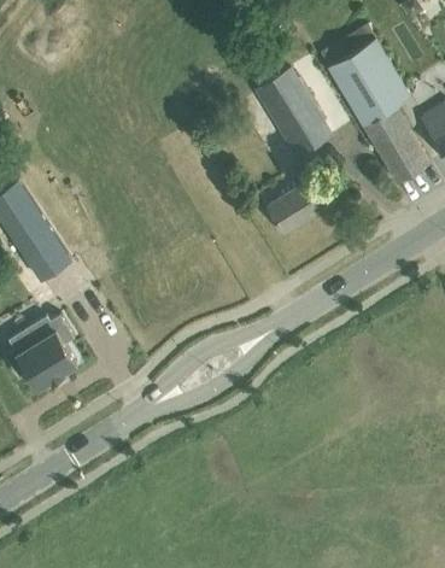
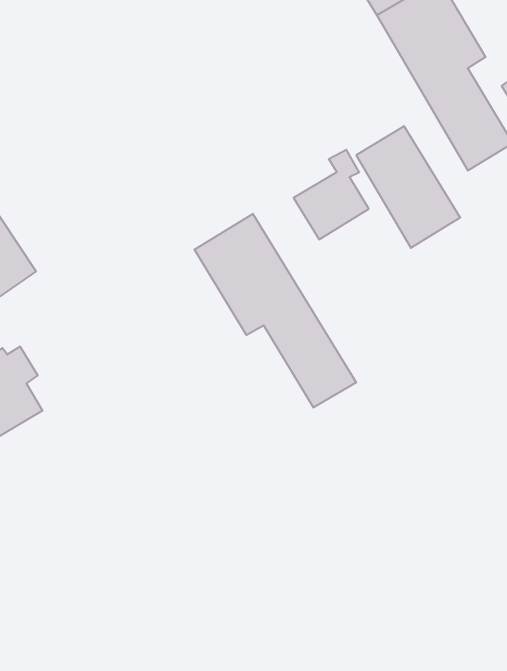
building: [254,68,333,159] -> [356,126,460,248]
building: none -> [194,214,356,408]

